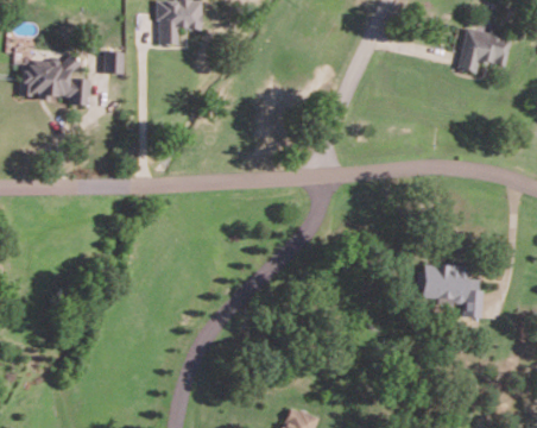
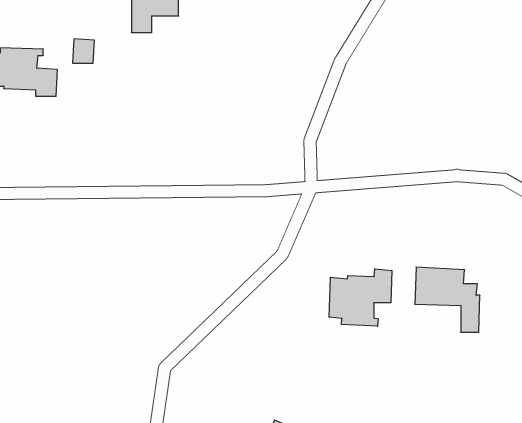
building: [456,26,512,71] -> none
building: none -> [329,269,392,326]

